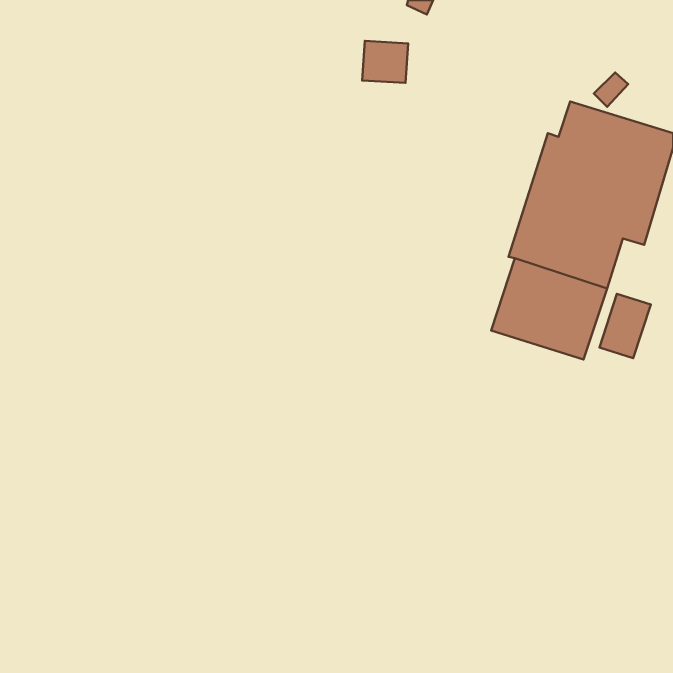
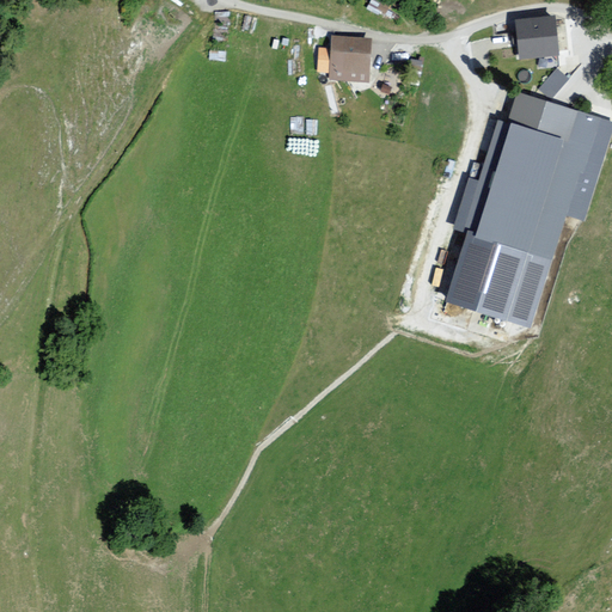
building: none -> [515,19,558,60]
building: [599,294,651,358] -> none

